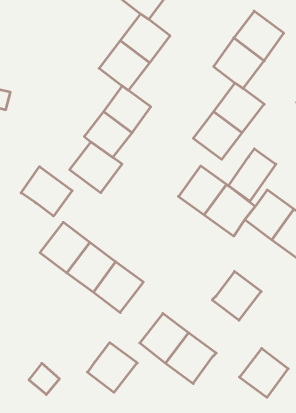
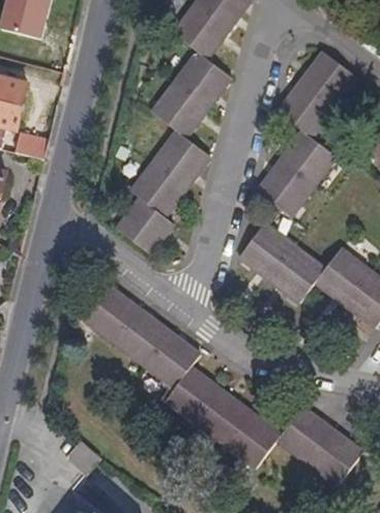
building: [228,149,276,201] -> none
building: [21,167,72,216] -> none
building: [212,271,261,320] -> [276,404,331,459]
building: [87,343,137,392] -> [165,365,221,421]

